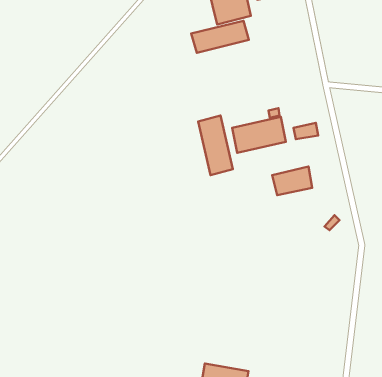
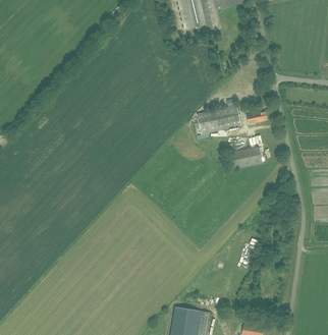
building: [191,21,249,53] -> none
building: [198,116,233,175] -> none

